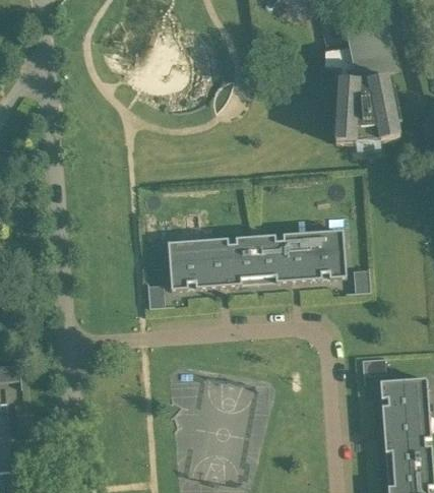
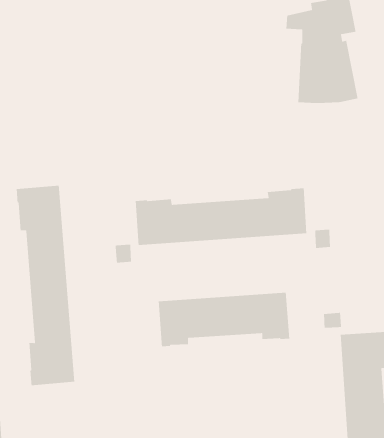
building: none -> [16,185,75,386]
building: none -> [158,292,290,347]

